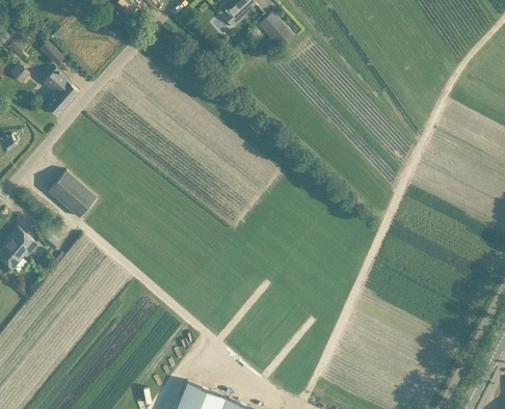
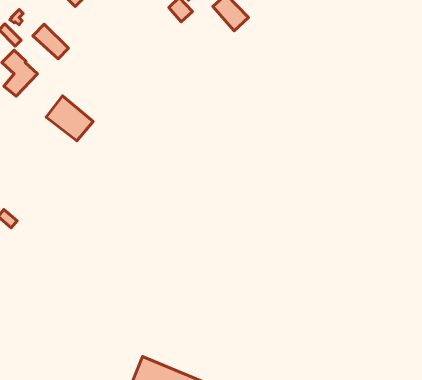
building: none -> [33,24,69,59]
building: [48,171,96,217] -> [46,96,93,141]

